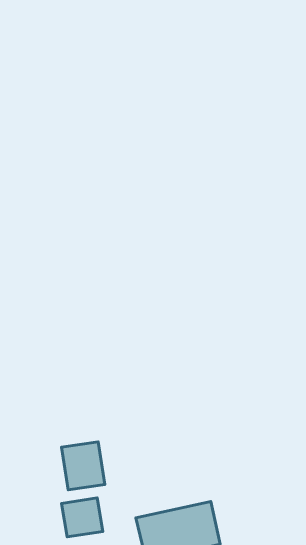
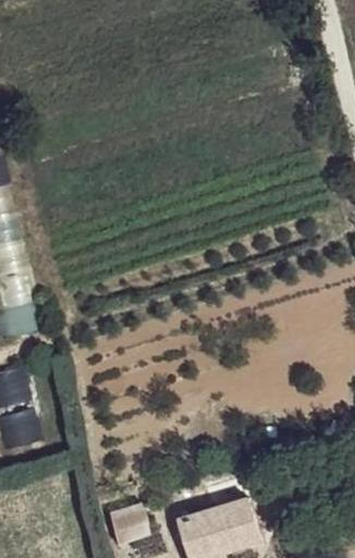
building: [62,442,105,490] -> none

